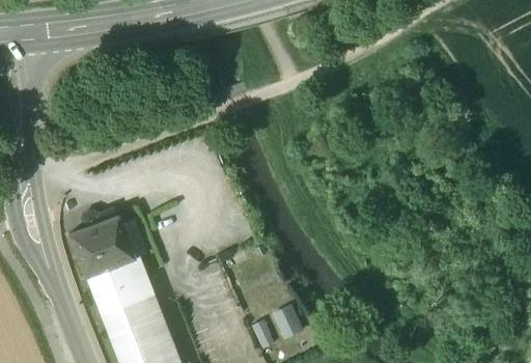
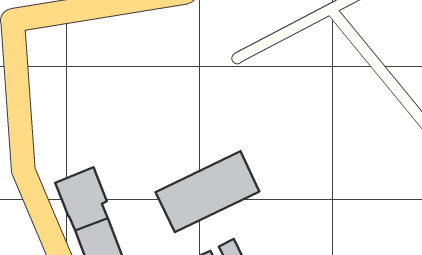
building: none -> [156,151,259,232]

